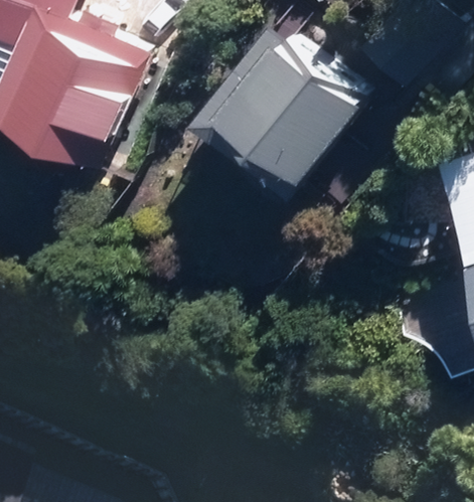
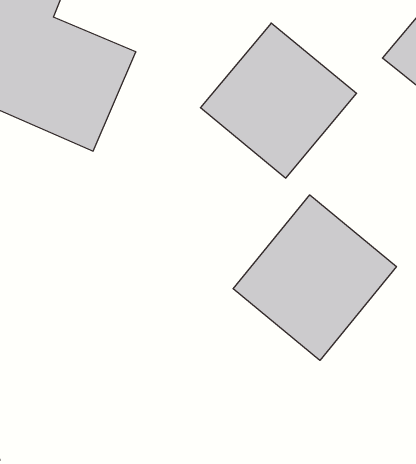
building: none -> [233,195,396,360]

